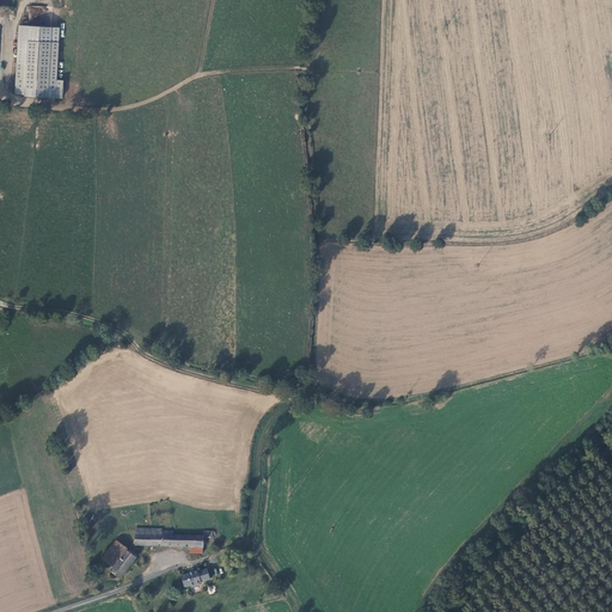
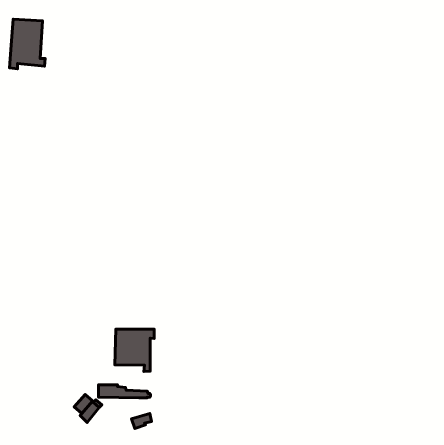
building: none -> [115,329,154,371]

